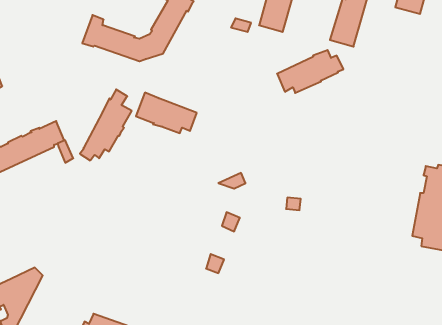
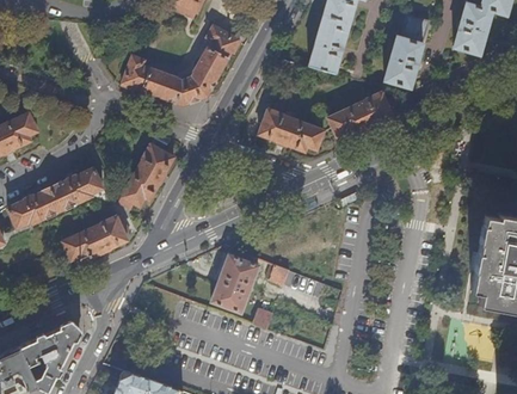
building: [136,93,197,133] -> [258,110,322,153]
building: none -> [62,216,129,261]
building: none -> [211,256,258,313]

